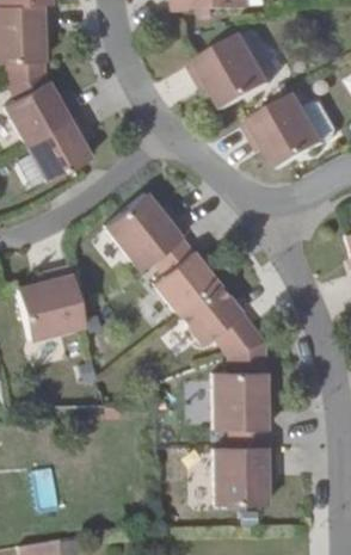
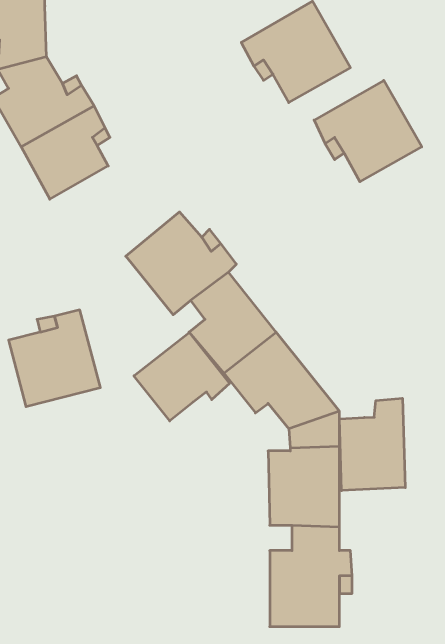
building: none -> [134,332,229,421]
building: none -> [339,398,405,491]

